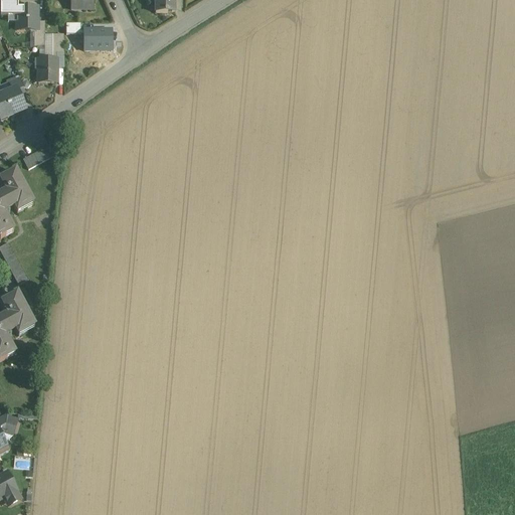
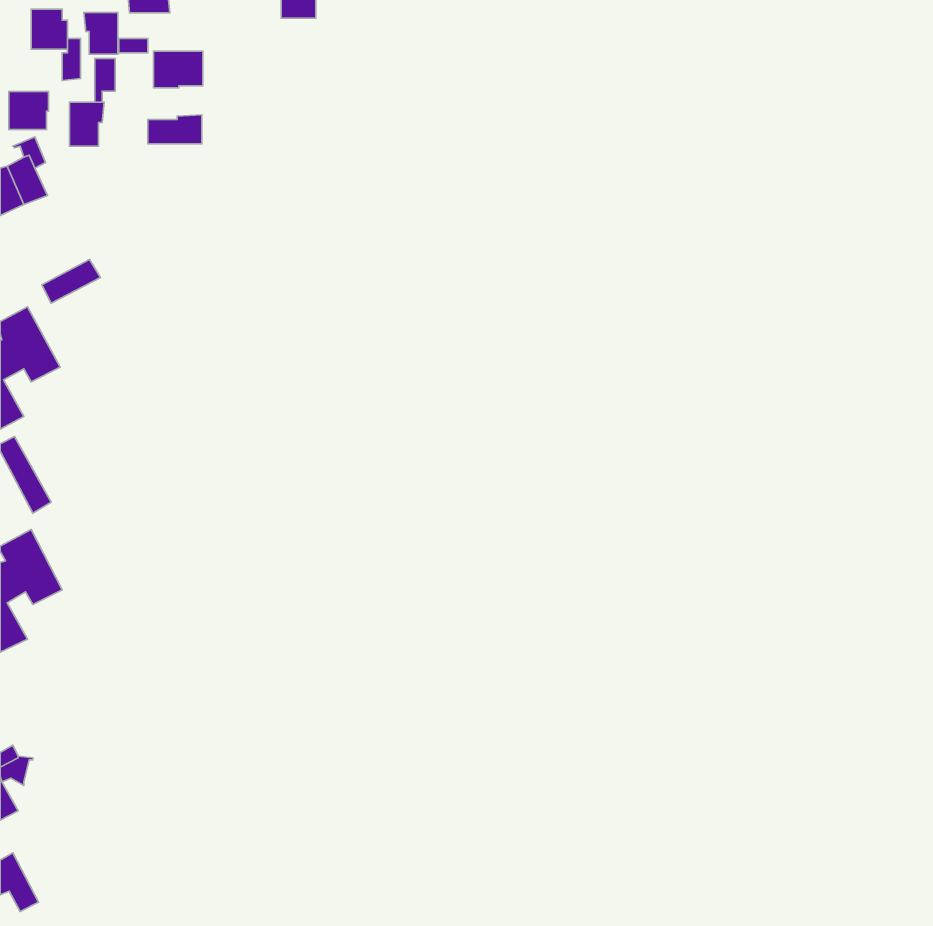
building: none -> [84,12,118,54]
building: none -> [9,91,48,130]
building: none -> [148,115,202,144]

